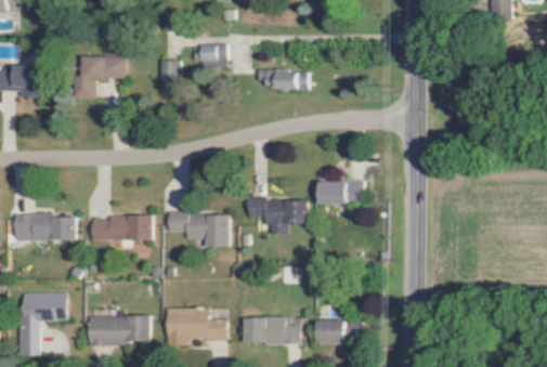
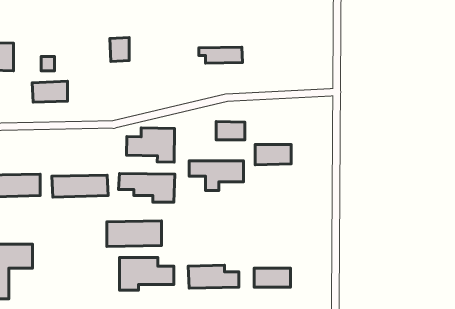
building: [187,43,224,68] -> none
building: [82,55,122,79] -> [32,81,68,102]
building: none -> [216,121,245,140]
building: none -> [127,128,175,162]
building: [89,315,151,344] -> [107,221,161,247]

